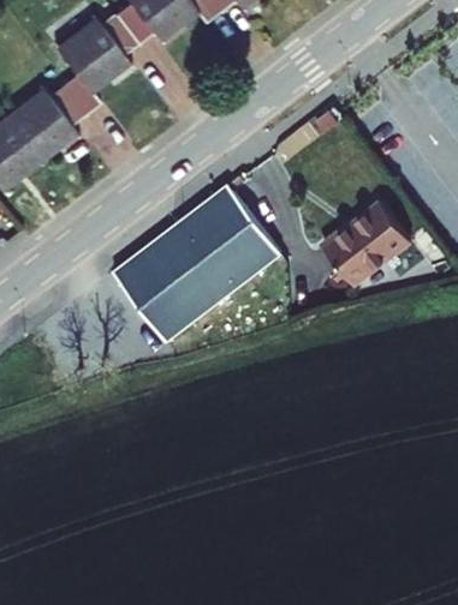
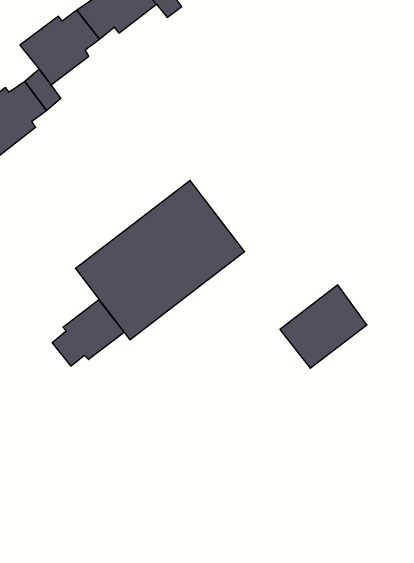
building: [325,202,411,284] -> [280,285,367,368]
building: none -> [52,300,124,366]

